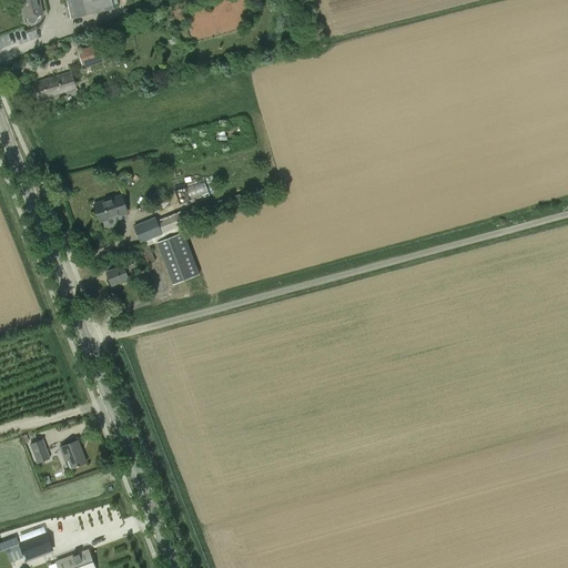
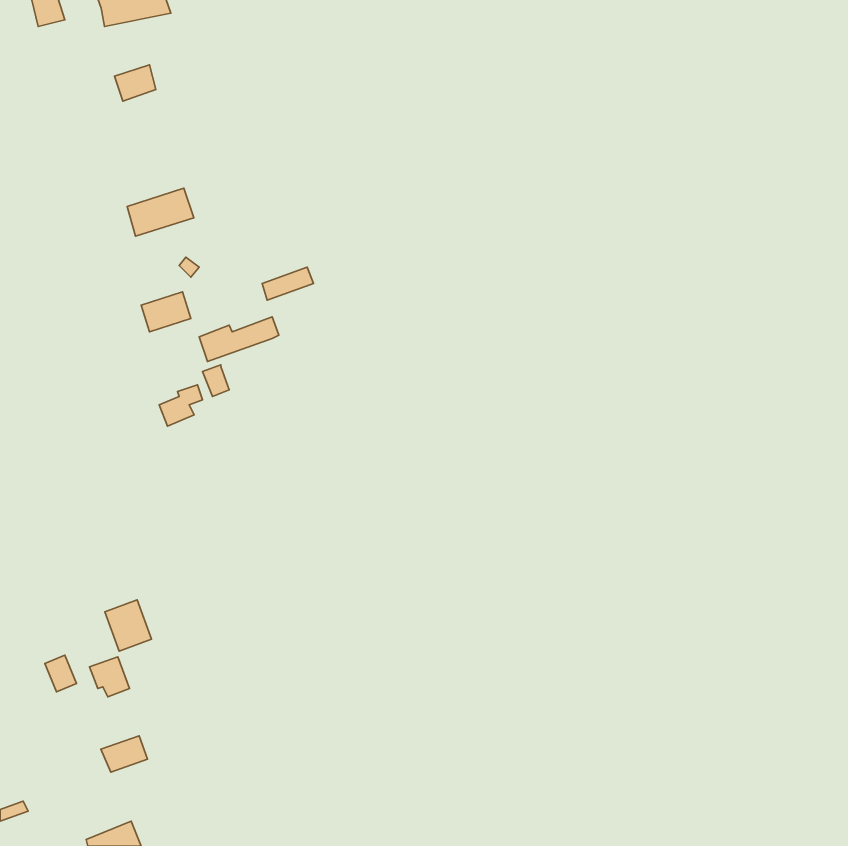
building: [33,70,78,102] -> [127,188,194,236]
building: [156,232,197,284] -> none
building: none -> [105,600,152,651]
building: [21,532,52,557] -> [101,736,147,772]

